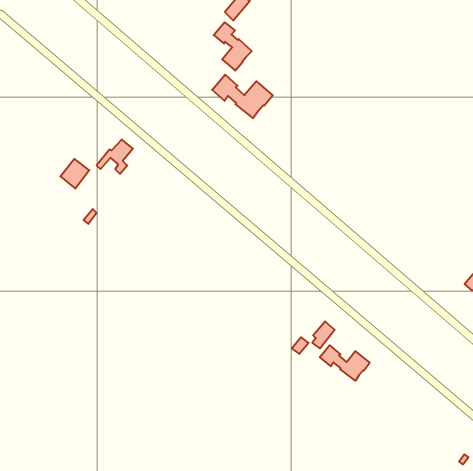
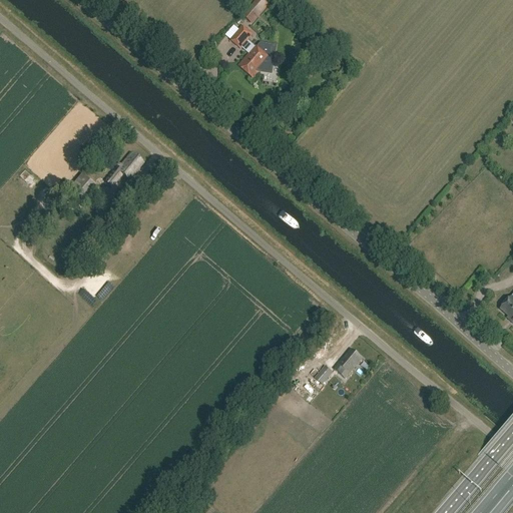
building: [212,75,273,118] -> none
building: [320,345,370,381] -> none

